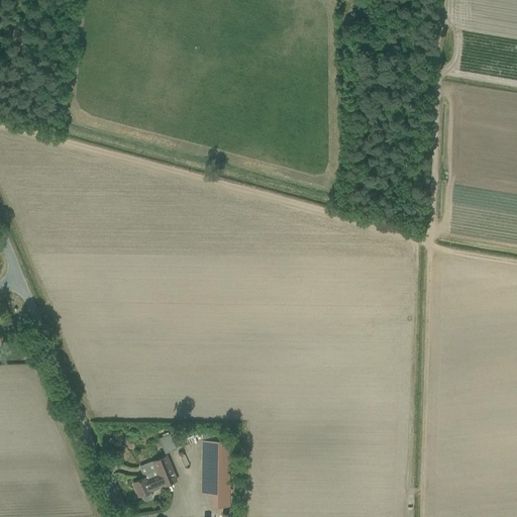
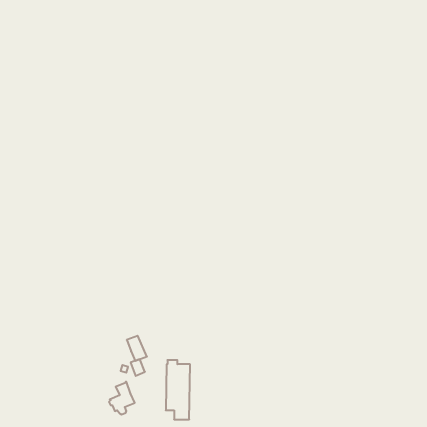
building: [153,456,178,487] -> [127,336,147,361]

